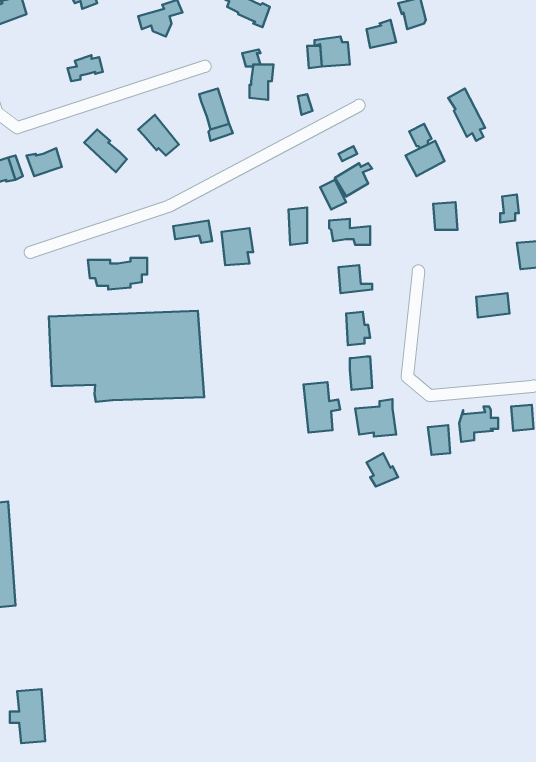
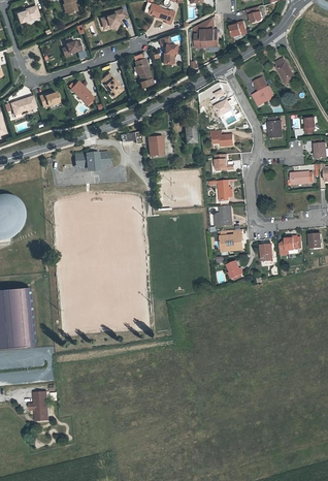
building: [49,311,204,402] -> none
building: [303,382,340,432] -> none

